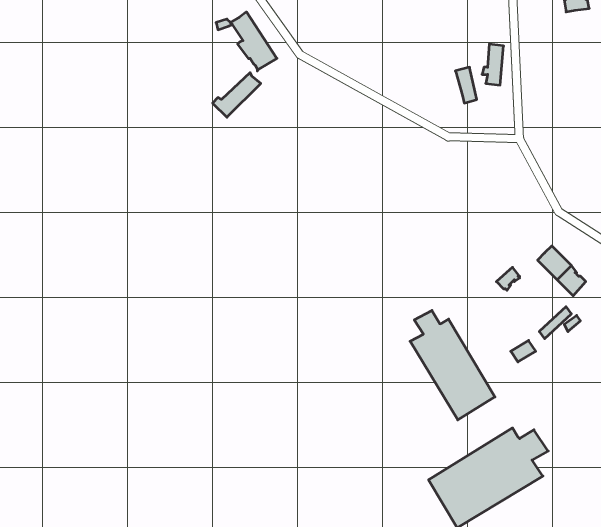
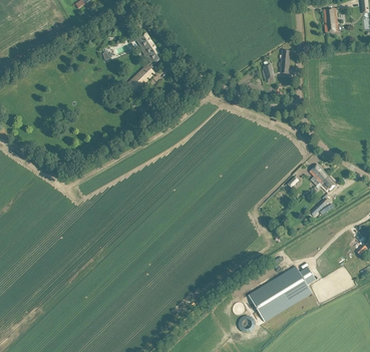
building: [410,310,495,420] -> none

